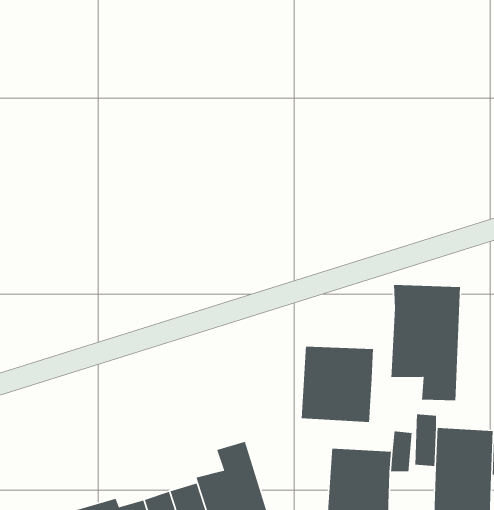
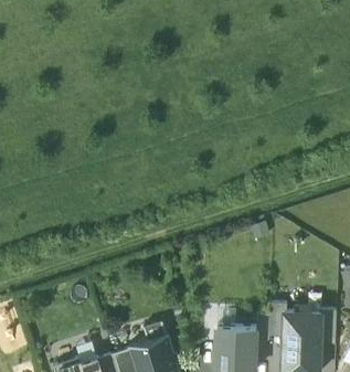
building: [390,284,461,401] -> none
building: [301,346,374,423] -> none

